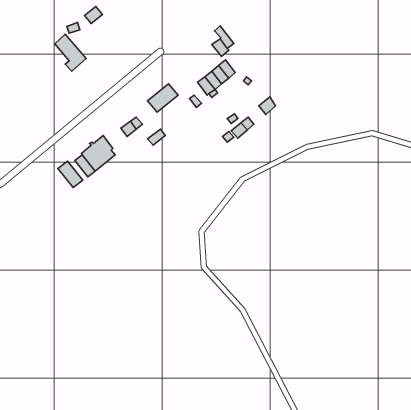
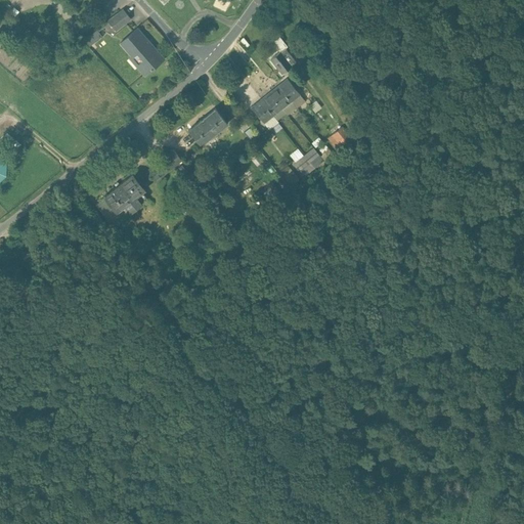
building: [55,34,86,71] -> [124,30,164,77]
building: [58,161,83,188] -> none

